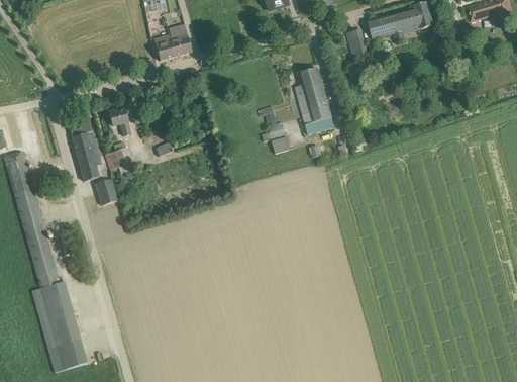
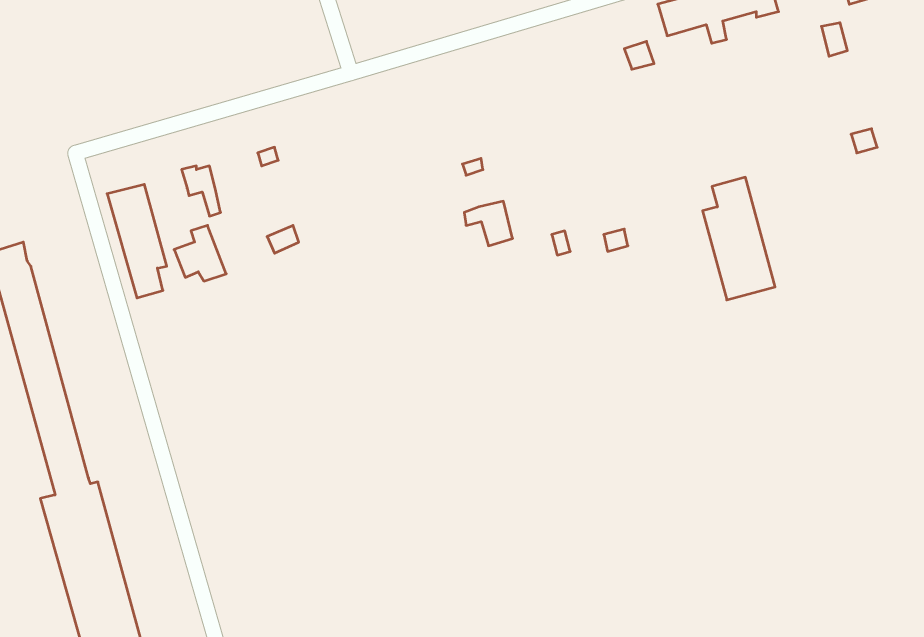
building: [152,29,191,59] -> none
building: [294,67,333,133] -> [703,177,775,300]
building: [95,178,117,204] -> none

